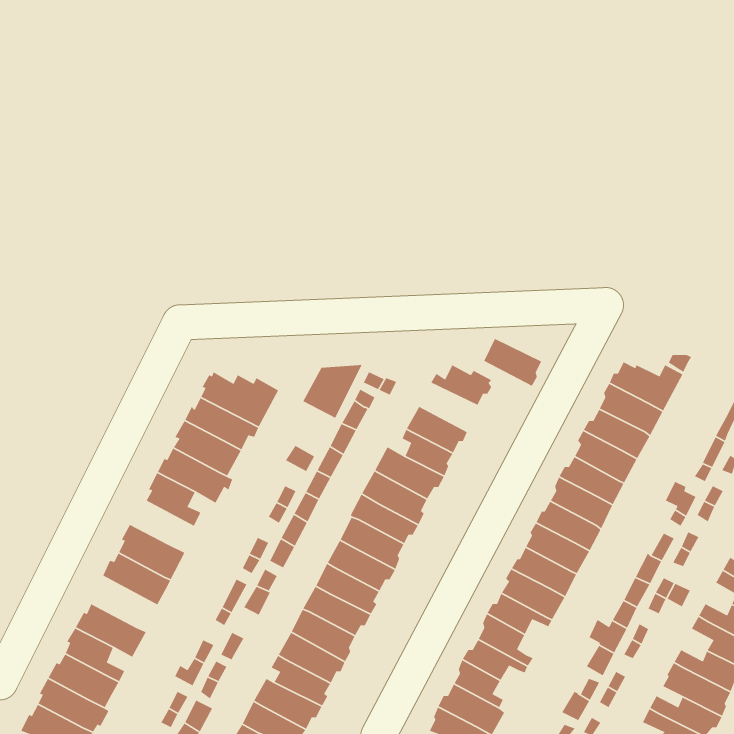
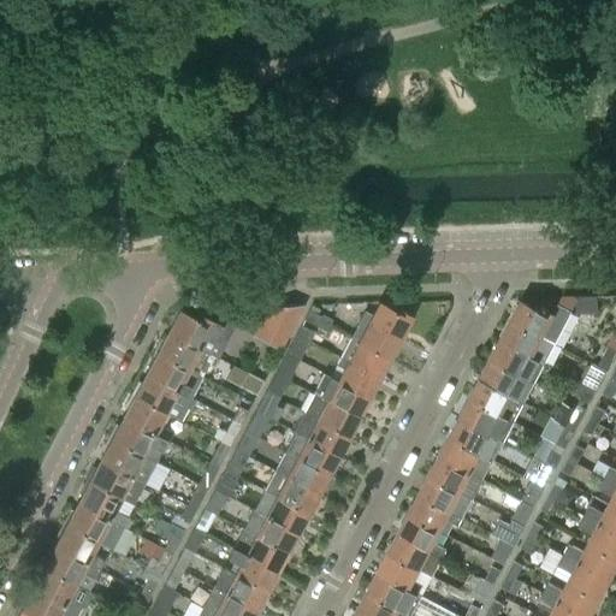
building: [483,338,542,387] -> [351,321,401,362]
building: none -> [109,420,167,463]
building: none -> [77,482,134,529]

